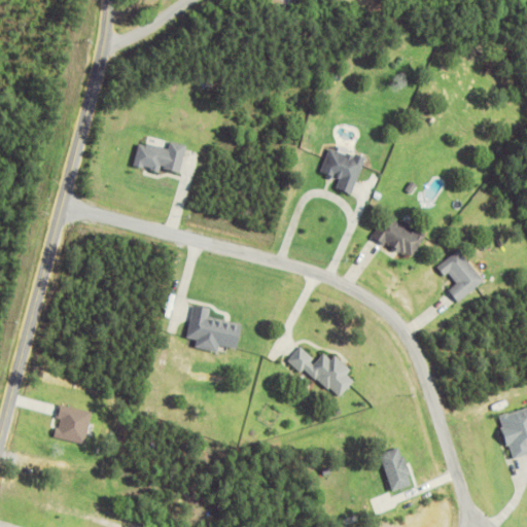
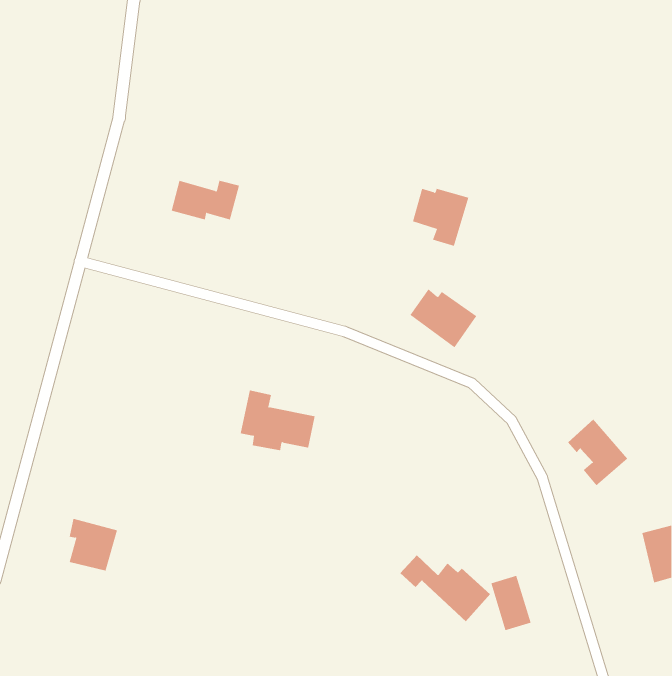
building: [372,213,424,259] -> [410,288,477,348]
building: [435,249,483,302] -> [567,419,628,486]
building: [285,346,356,398] -> [399,555,491,622]

